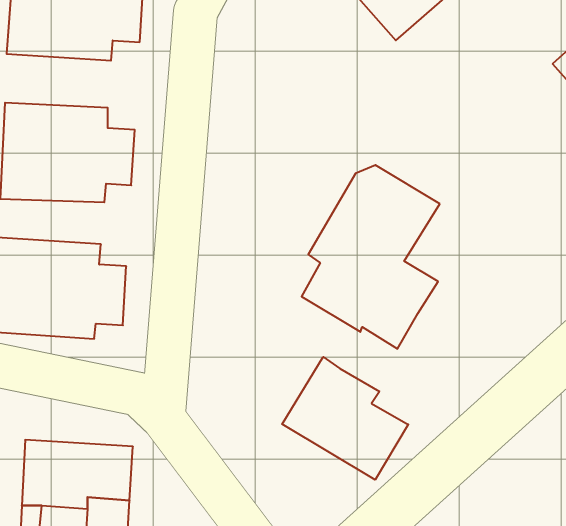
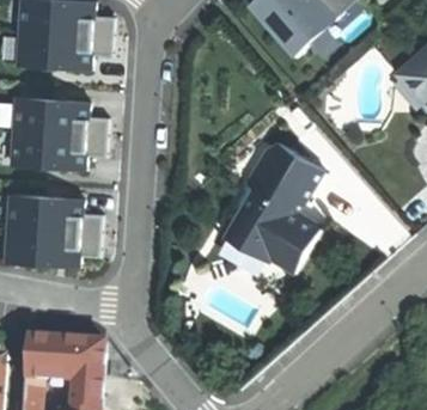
building: [282,357,408,480] -> none

